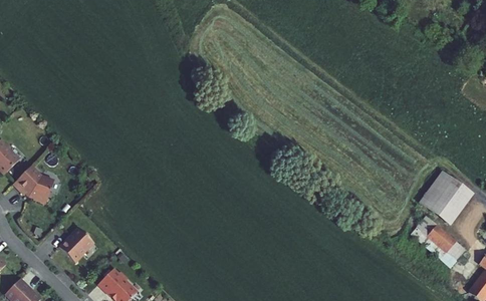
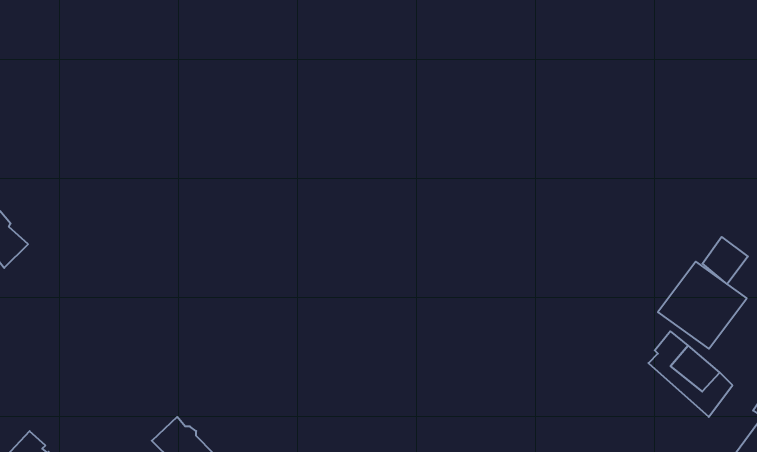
building: none -> [702,237,748,284]
building: [13,165,54,203] -> none
building: [59,227,94,262] -> none

